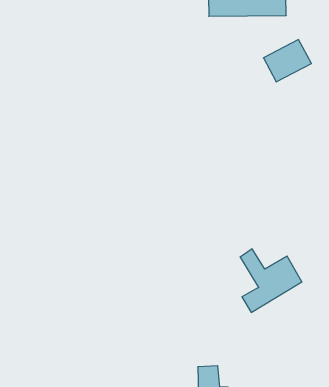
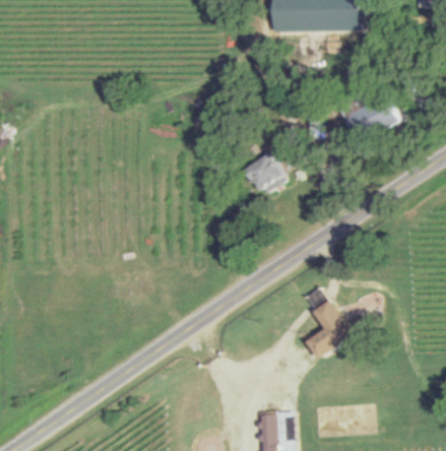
building: [263,40,311,82] -> [343,93,396,140]
building: none -> [248,153,286,192]

